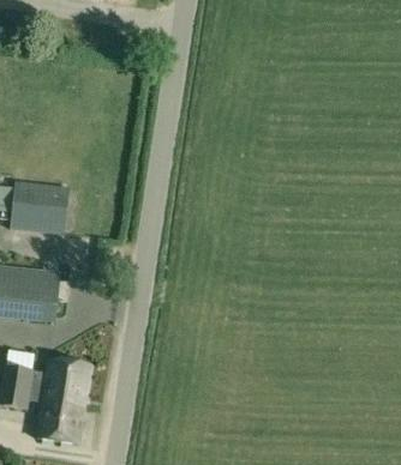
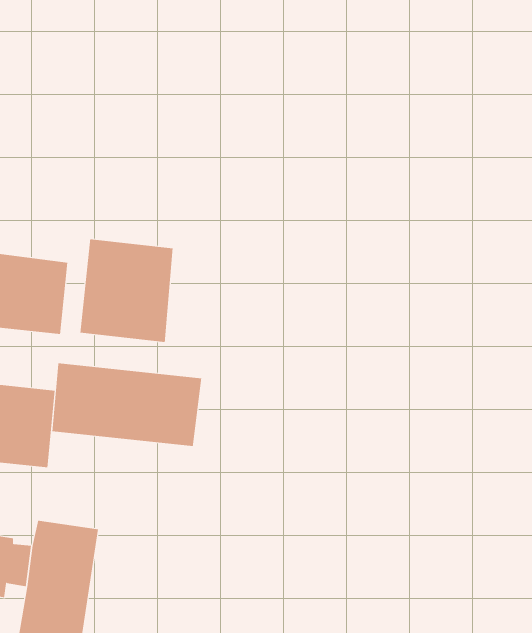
building: none -> [80,238,173,343]
building: none -> [52,363,202,447]

